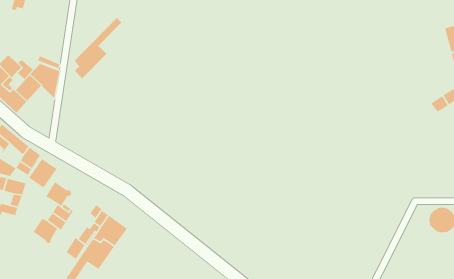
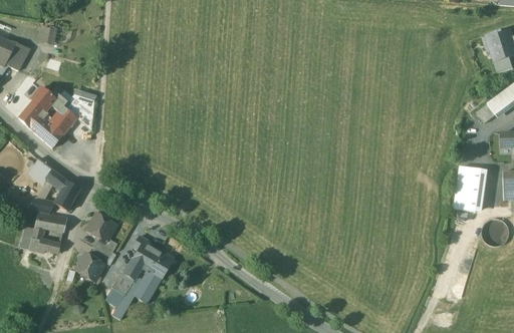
building: [74,17,122,79] -> none
building: none -> [454,165,482,211]
building: [28,158,57,188] -> none

